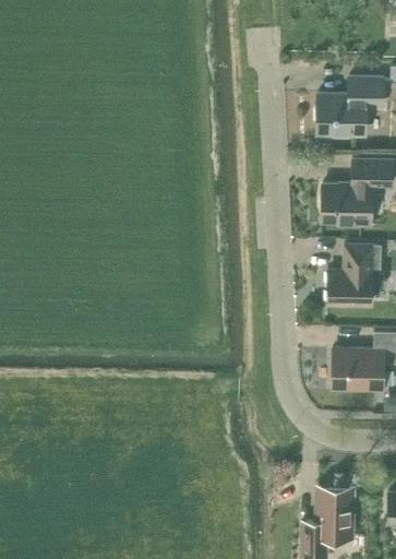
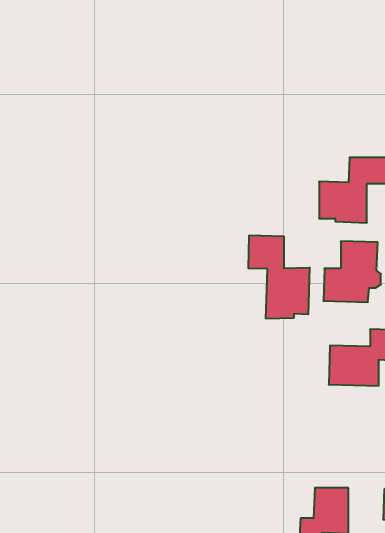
building: [315,78,384,138] -> none
building: none -> [248,235,310,319]

